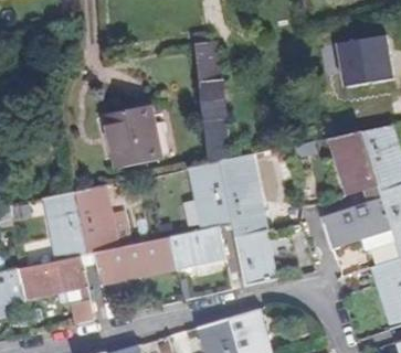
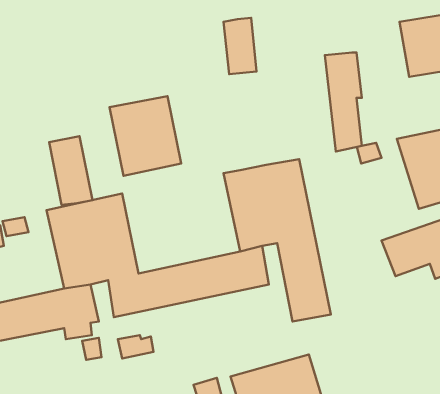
building: [198,84,228,163] -> [325,52,362,151]
building: none -> [49,136,92,205]

